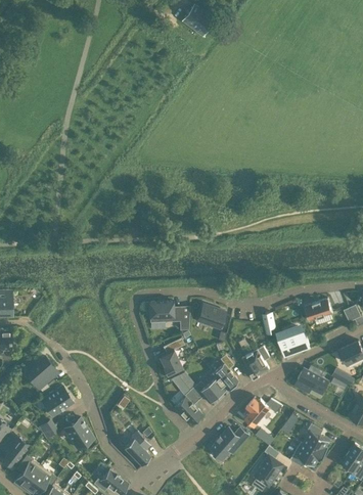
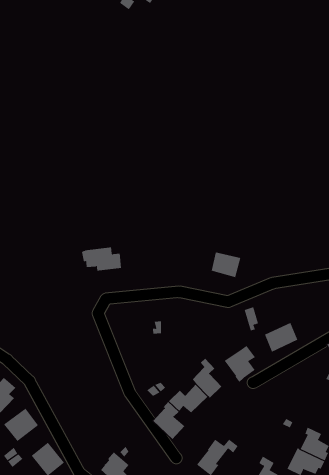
building: [304,298,331,324] -> none
building: [144,301,179,321] -> [81,247,122,271]
building: [196,304,224,328] -> [211,252,241,278]
building: [157,336,183,375] -> none
building: [294,367,327,393] -> none
building: [243,396,281,424] -> none

